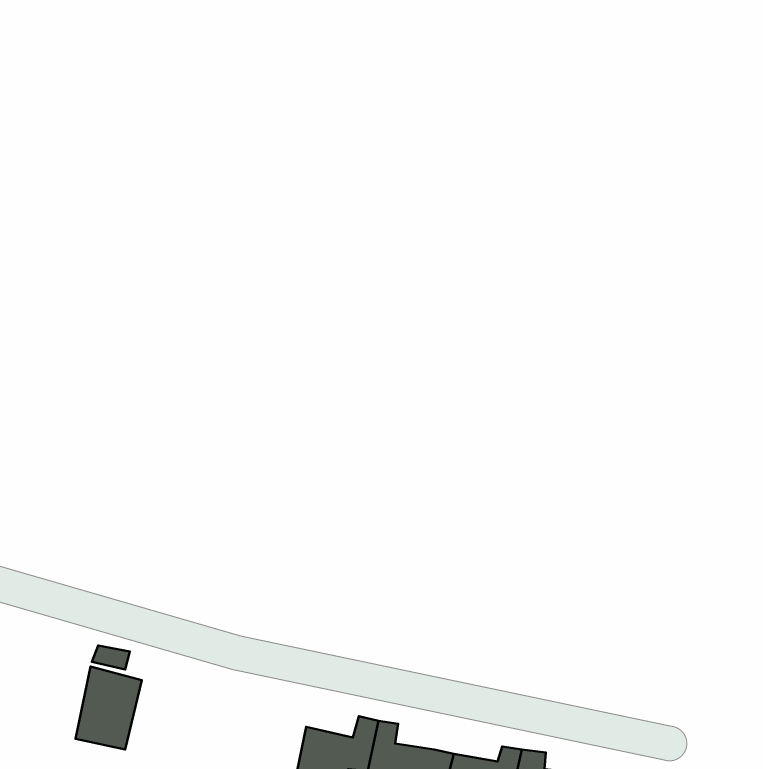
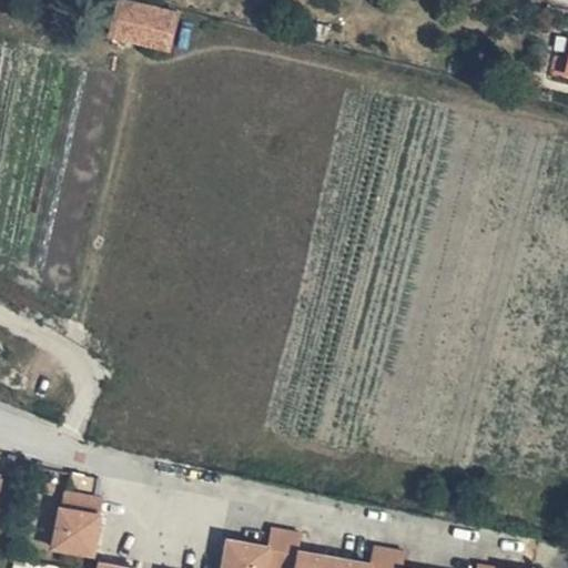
building: none -> [116,8,174,57]

